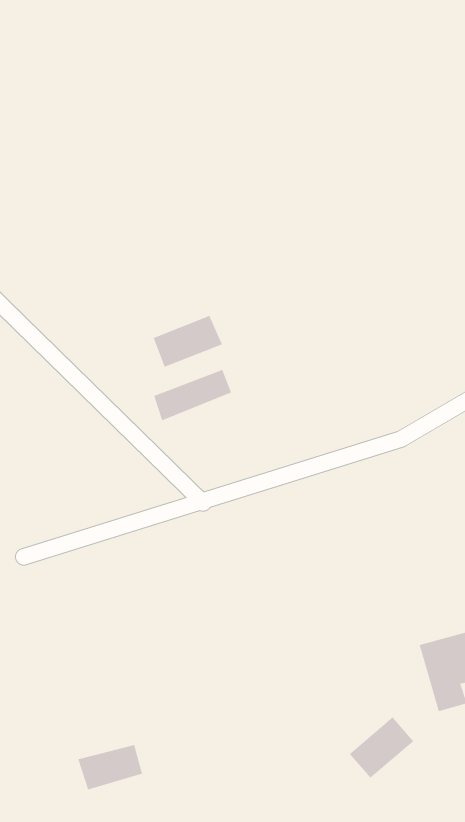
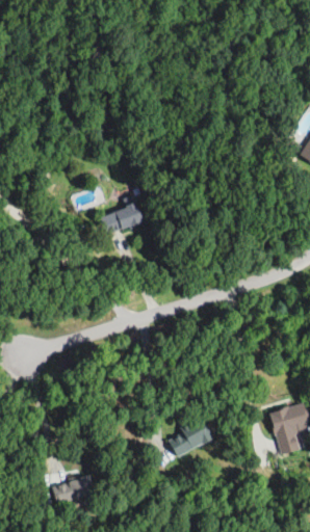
building: [153,369,232,421] -> none
building: [349,717,414,779] -> [169,419,210,458]

